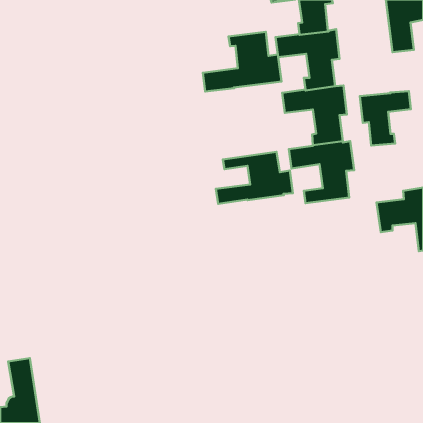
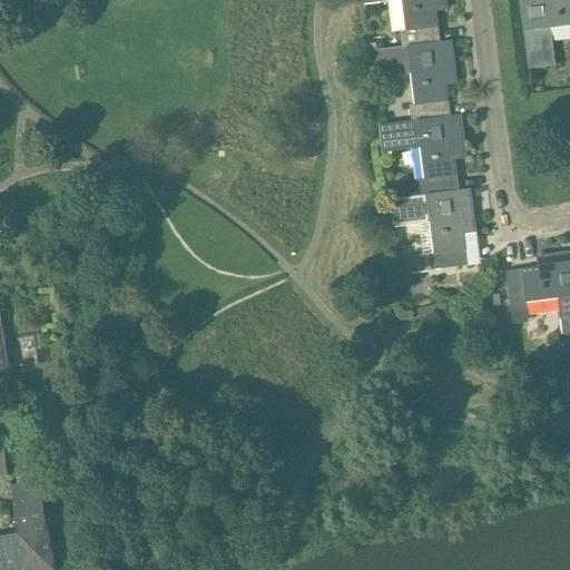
building: [203,32,281,91] -> none
building: [360,91,411,146] -> none
building: [216,152,293,204] -> none

